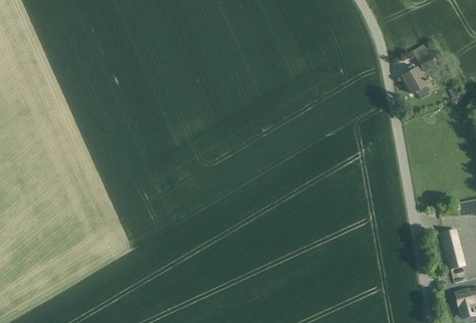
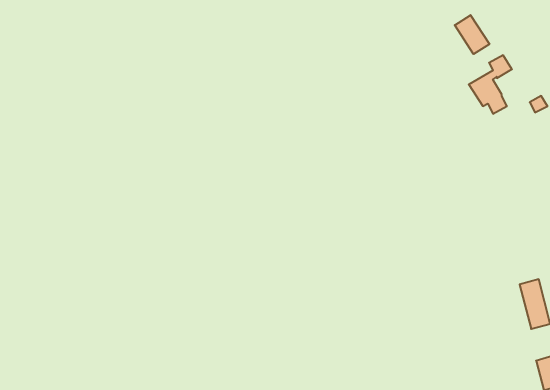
building: none -> [455,15,489,54]

